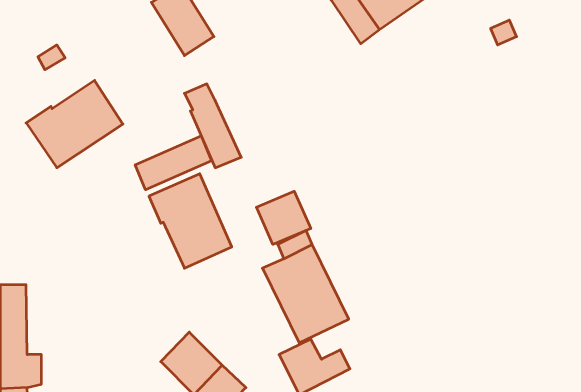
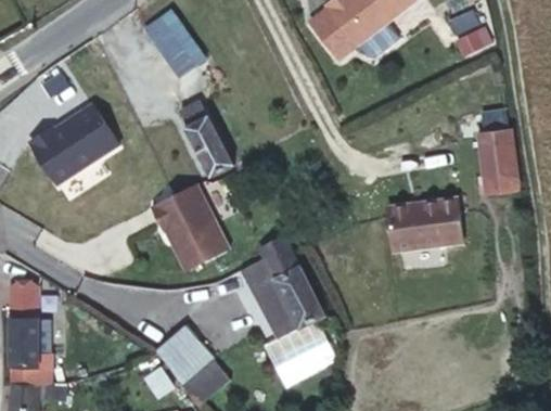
building: none -> [477,134,518,200]
building: [135,136,212,190] -> none
building: [256,191,311,244] -> none
building: none -> [395,203,471,257]

